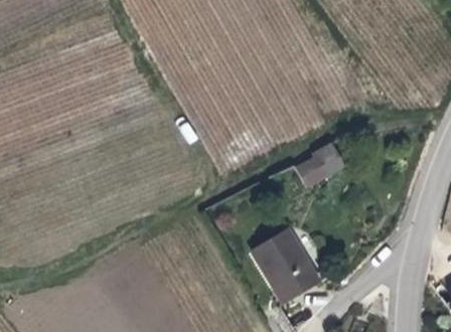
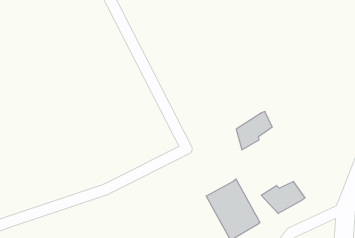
building: none -> [261,181,305,213]

